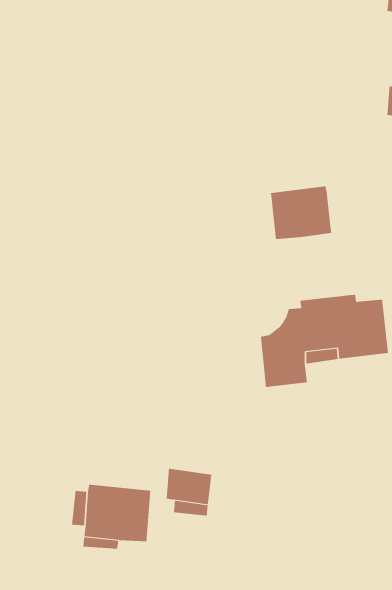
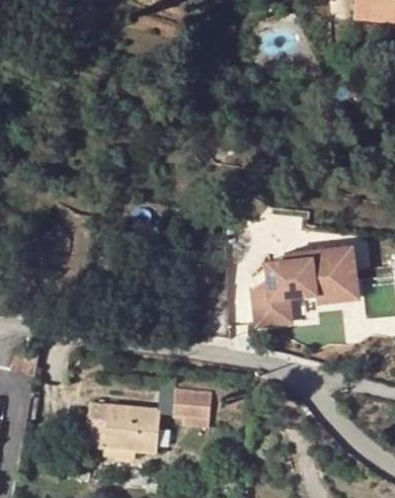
building: [270,185,332,240] -> none

